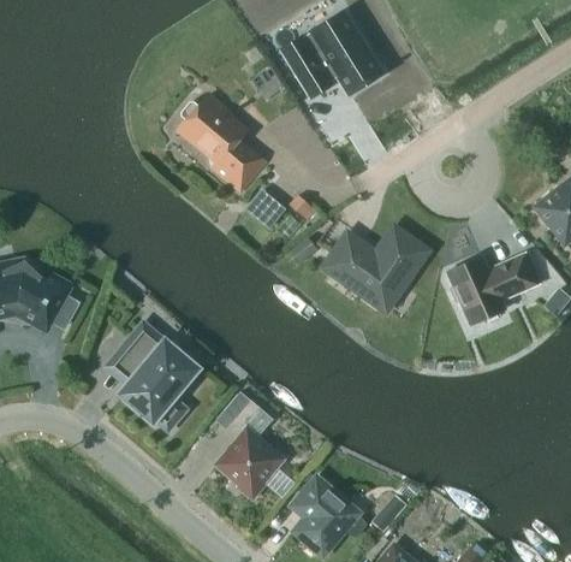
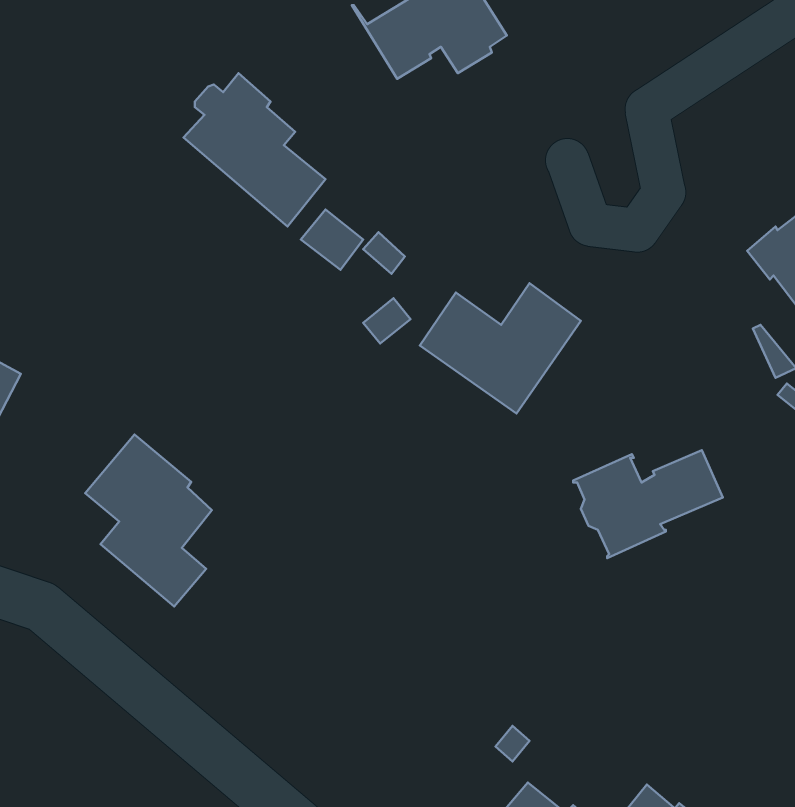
building: [446,253,541,321] -> [573,450,723,558]
building: [215,391,284,499] -> none
building: [293,479,368,554] -> none

